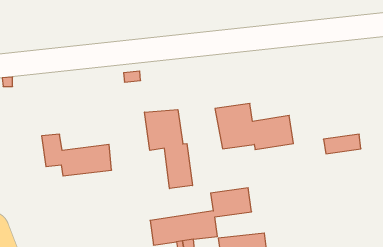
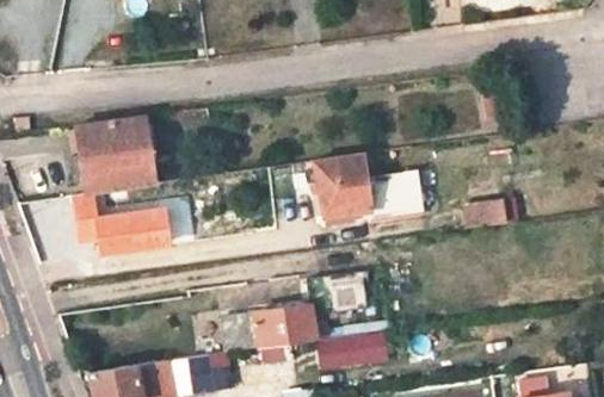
building: none -> [78,118,155,194]
building: [145,110,192,189] -> none

